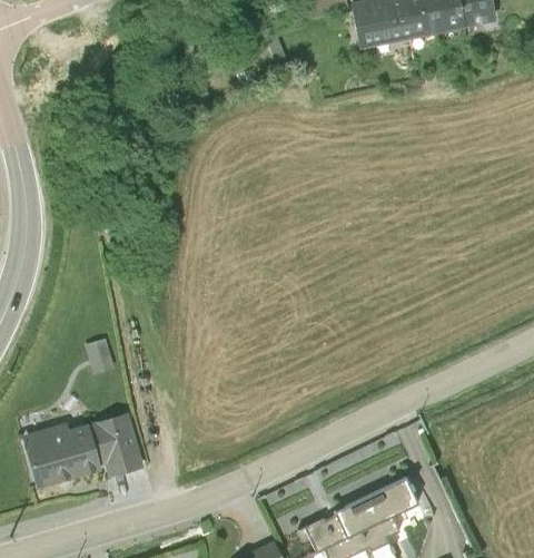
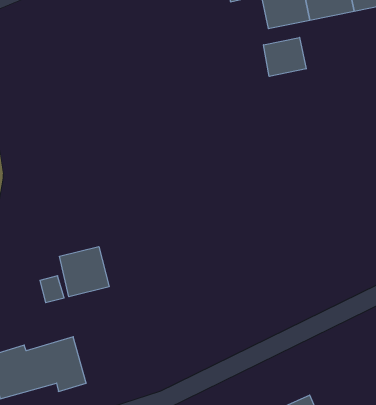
building: none -> [264,37,306,76]
building: none -> [60,247,109,297]

